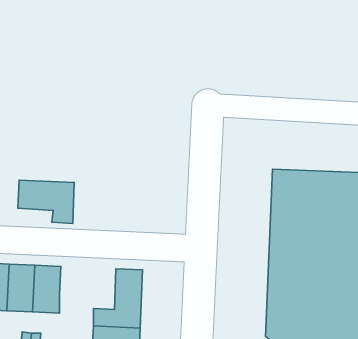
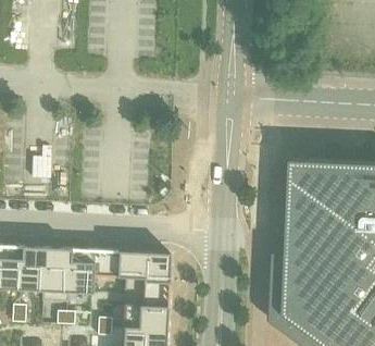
building: [18,180,74,223] -> [91,250,143,291]

